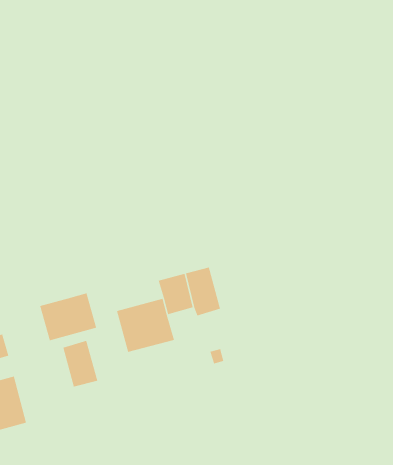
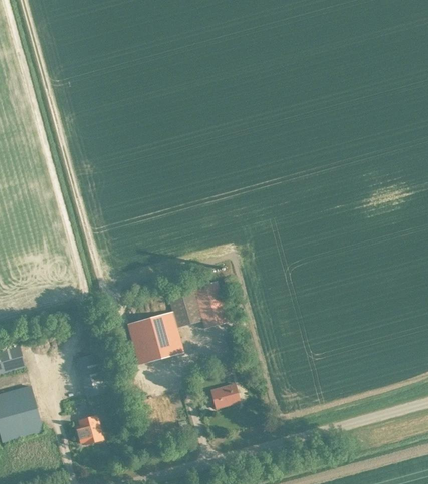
building: [39,292,97,341] -> none
building: none -> [210,384,240,408]
building: none -> [74,405,102,444]

